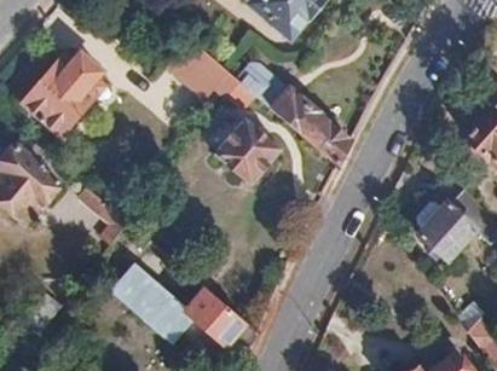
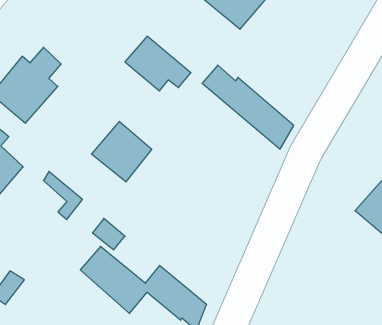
building: [215,118,281,184] -> [91,121,152,182]

